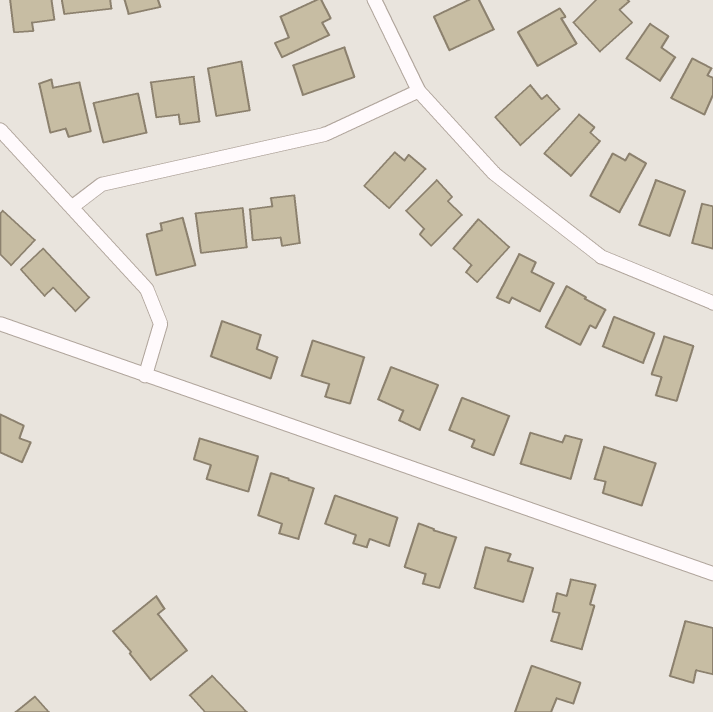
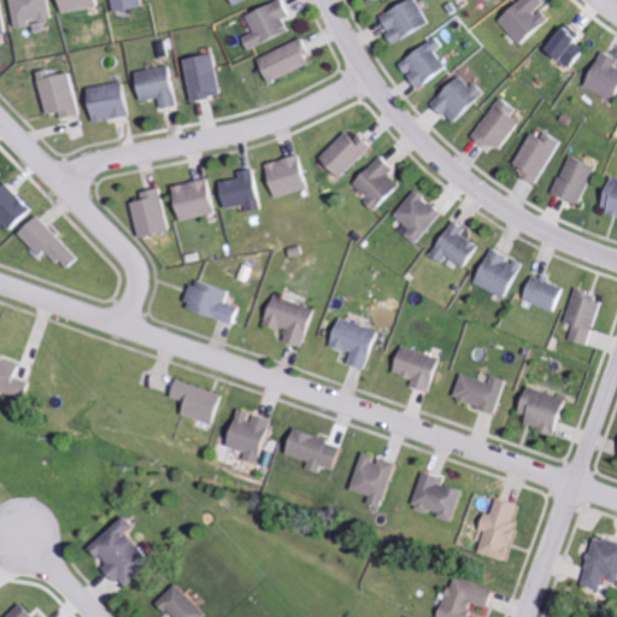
building: [518,9,577,66] -> [395,40,446,89]
building: none -> [259,153,304,199]

